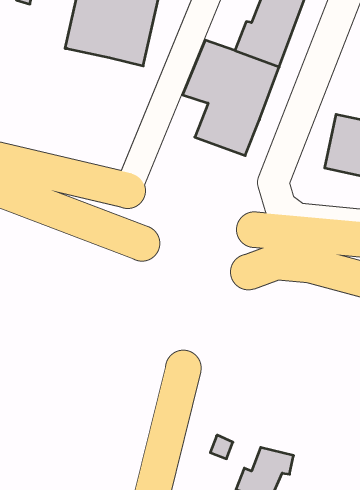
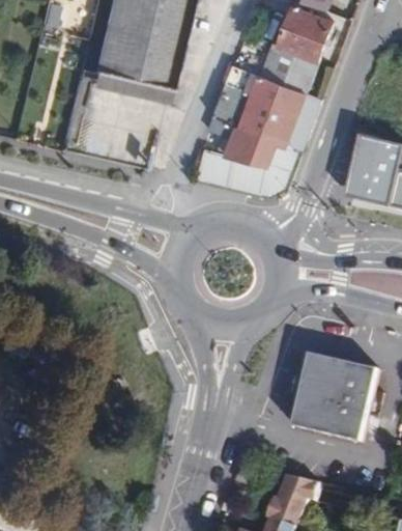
building: none -> [293,354,379,440]

